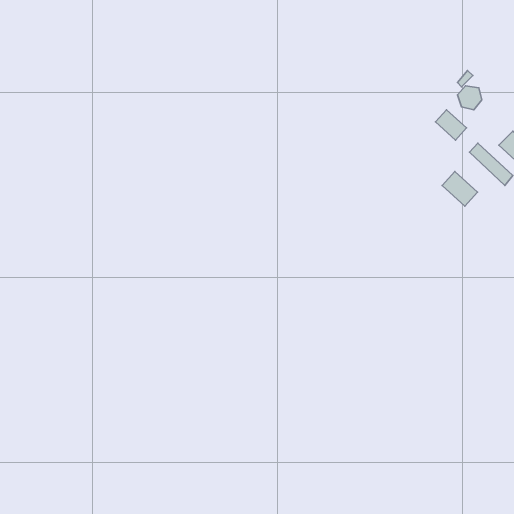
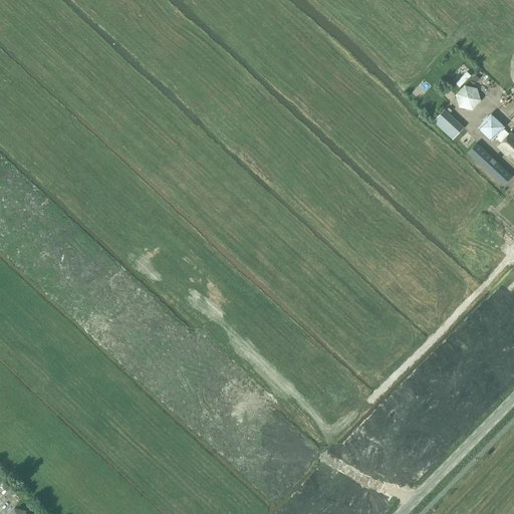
building: none -> [478,113,505,142]
building: [442,172,477,206] -> none

